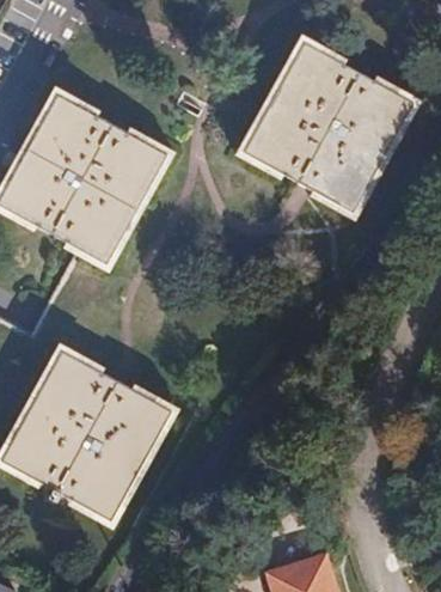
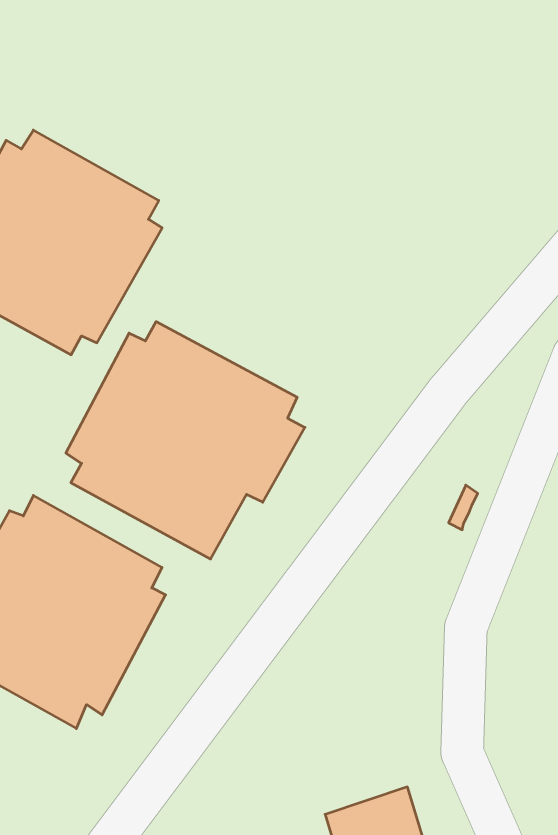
building: [249,48,404,205] -> none
building: none -> [66,322,305,559]

